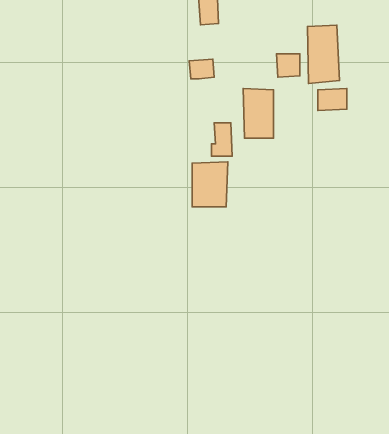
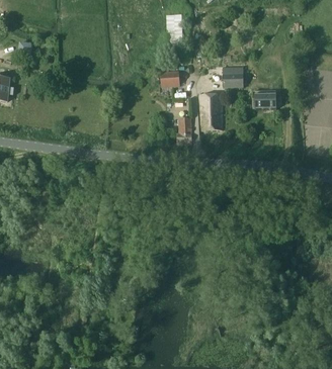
building: [307,25,340,83] -> none
building: [192,162,228,207] -> none

